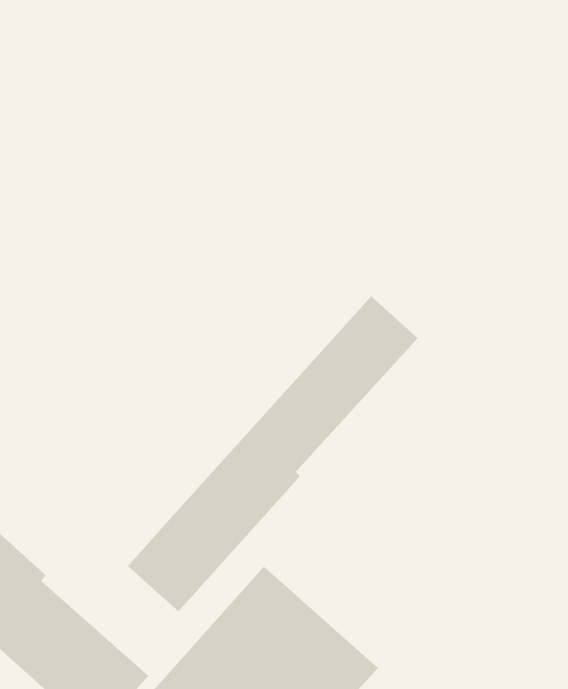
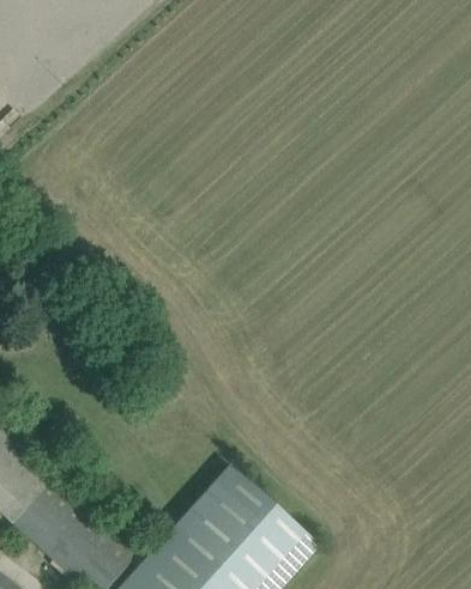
building: [127,295,418,612] -> none

